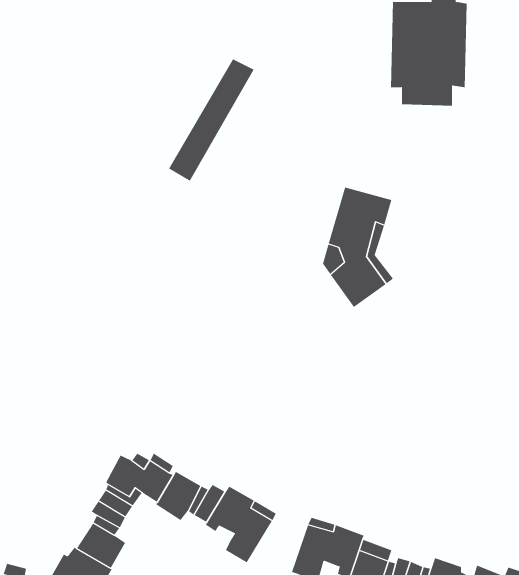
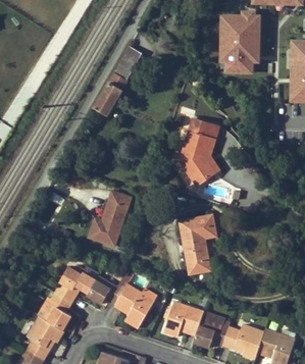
building: none -> [88,192,131,247]
building: none -> [181,215,215,274]

